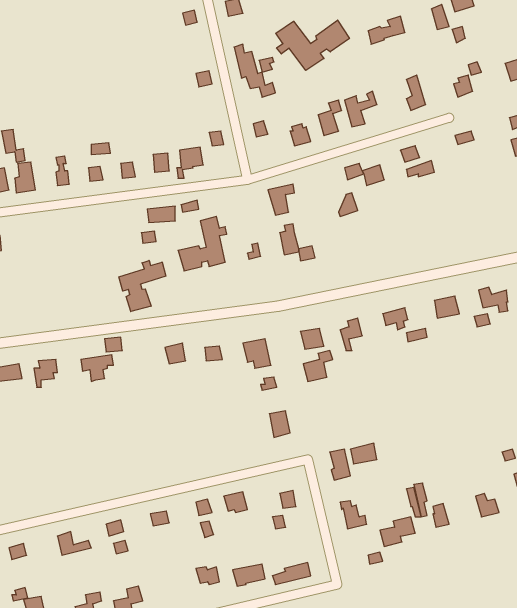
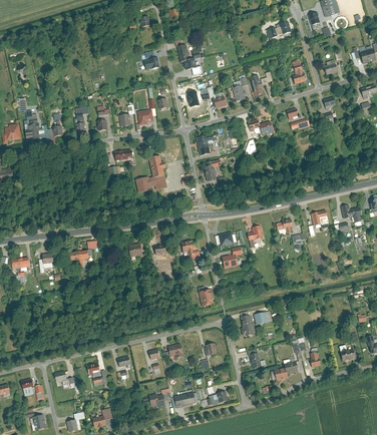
building: [276,20,349,70] -> none
building: [119,260,166,312] -> none

